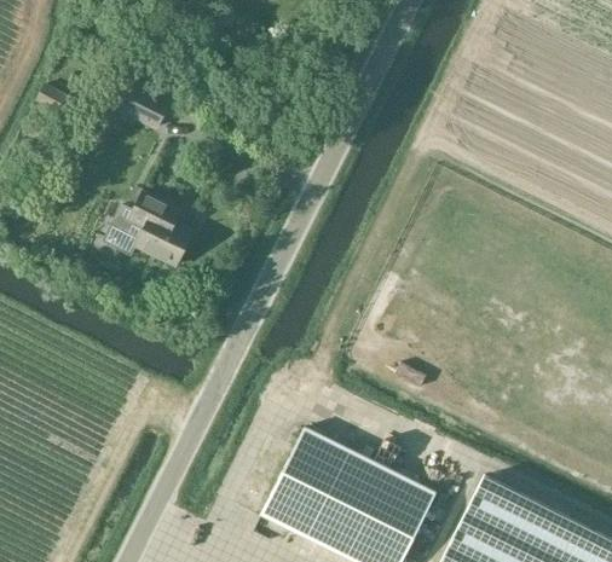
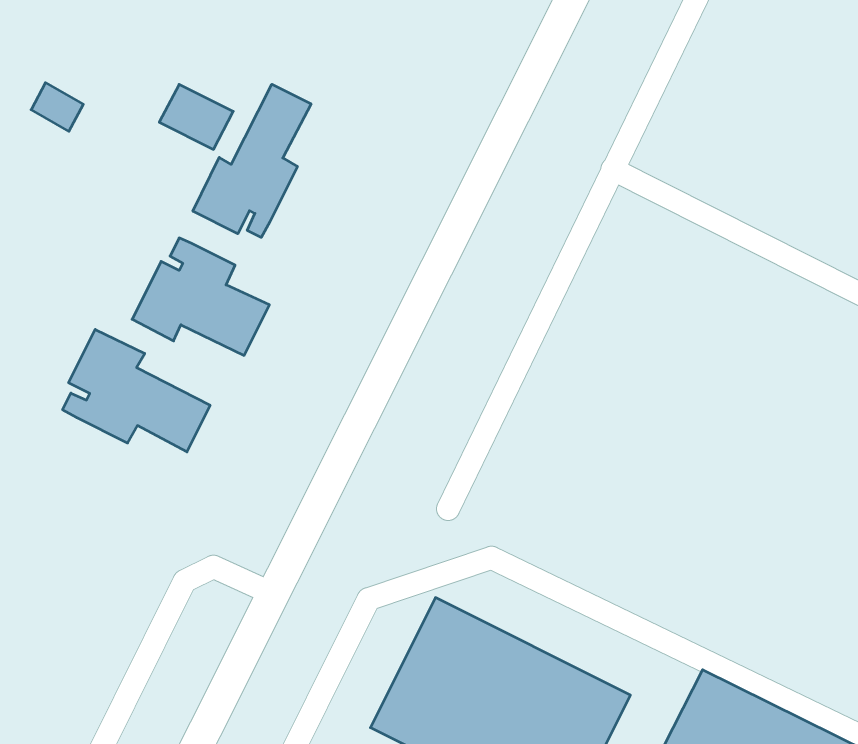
building: none -> [193,84,311,237]
building: none -> [63,329,210,452]

